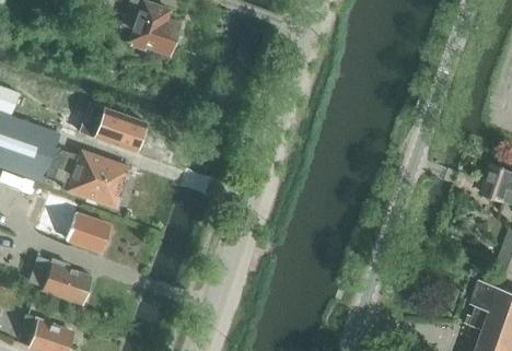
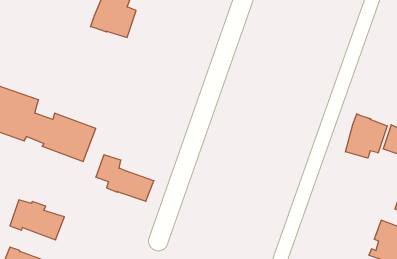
building: [95,108,147,152] -> none
building: none -> [345,114,387,158]
building: [38,194,109,250] -> [96,155,154,201]

